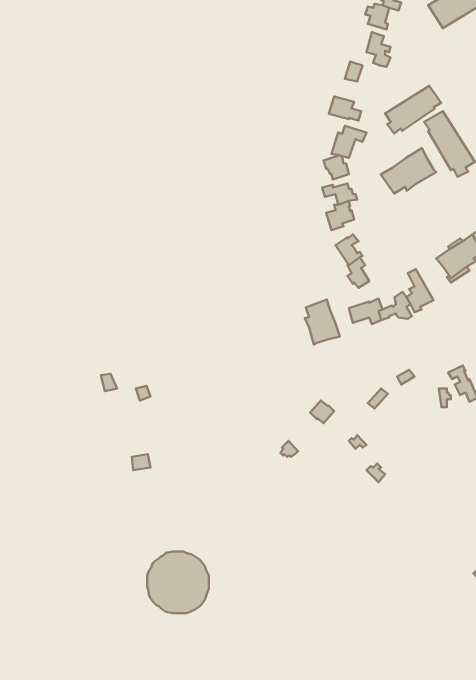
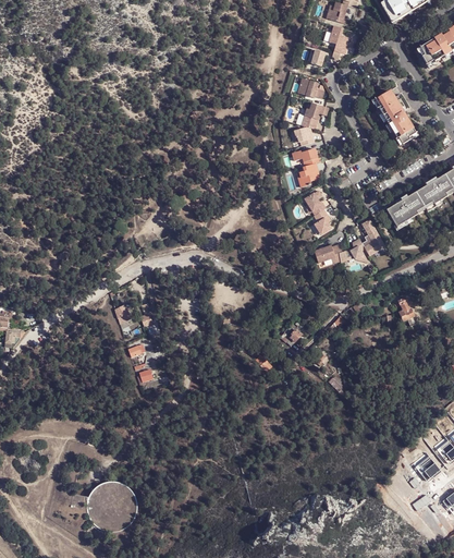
building: [385,86,441,133] -> none
building: [381,148,436,193] -> none
building: [305,300,340,344] -> none
building: [147,552,209,613] -> [87,481,137,531]

